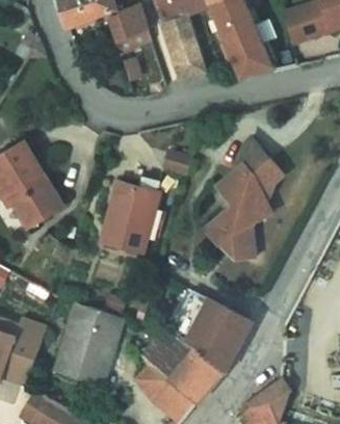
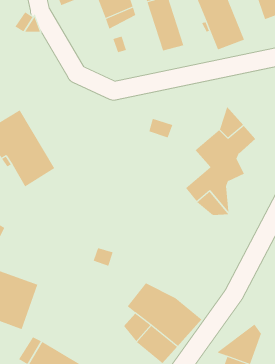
building: [102,178,158,251] -> none
building: [168,290,251,373] -> none
building: [55,303,122,387] -> none

